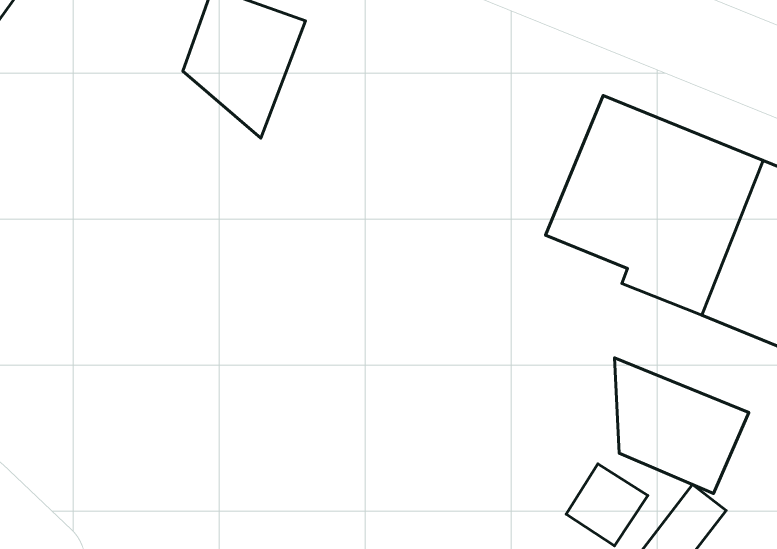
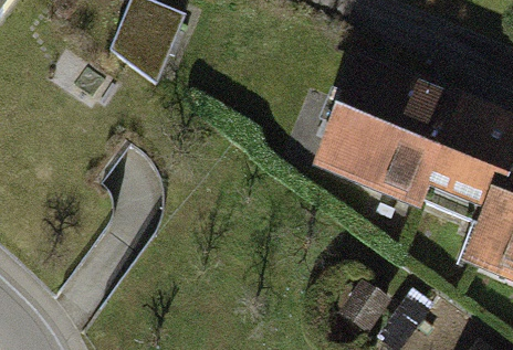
building: [615,358,749,493] -> none

